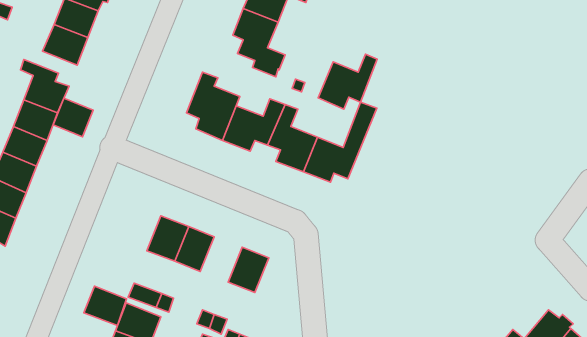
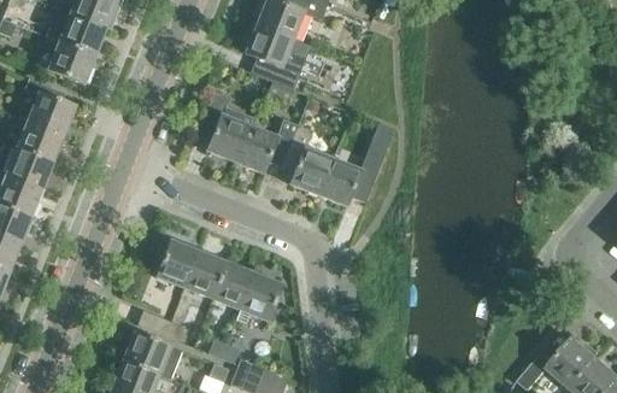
building: [318,54,377,109] -> none
building: [53,98,93,137] -> none
building: none -> [212,263,255,310]
building: [84,286,127,325] -> none

